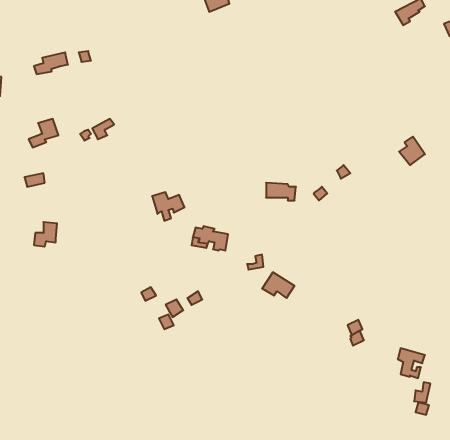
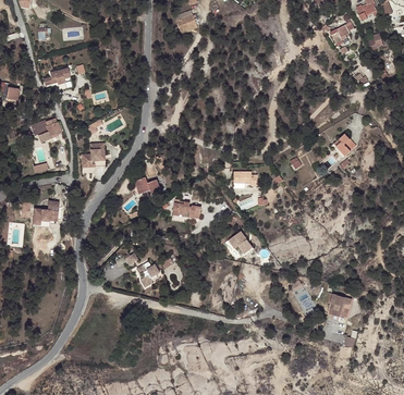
building: none -> [82,140,105,165]

